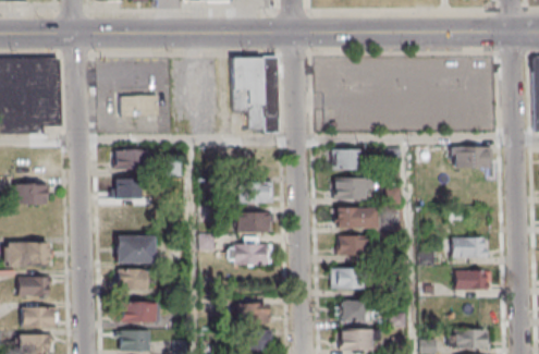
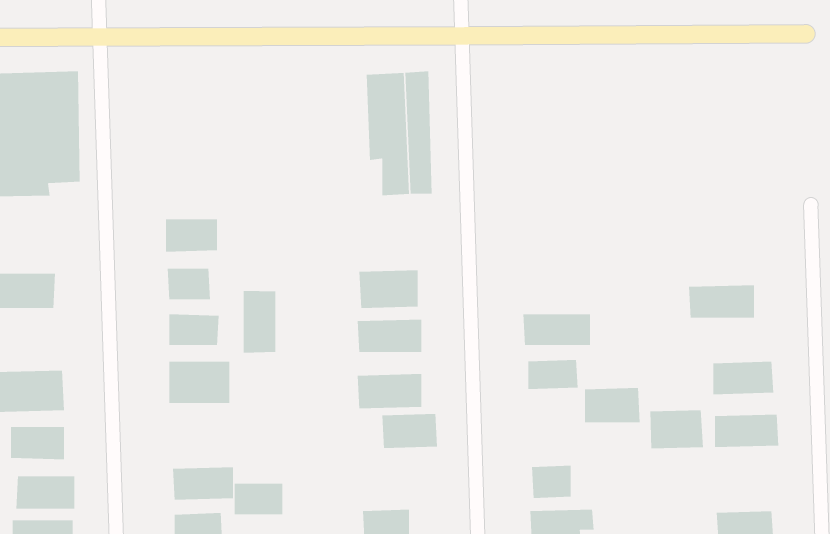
building: [120,96,159,118] -> none
building: [451,147,492,168] -> [688,285,755,318]
building: [331,149,357,169] -> none
building: [332,178,370,198] -> none
building: none -> [243,290,276,353]
building: none -> [650,410,704,449]
building: [330,267,365,289] -> [584,388,641,423]
building: [117,269,147,289] -> [234,483,283,515]
building: [232,302,267,324] -> [381,413,438,449]

